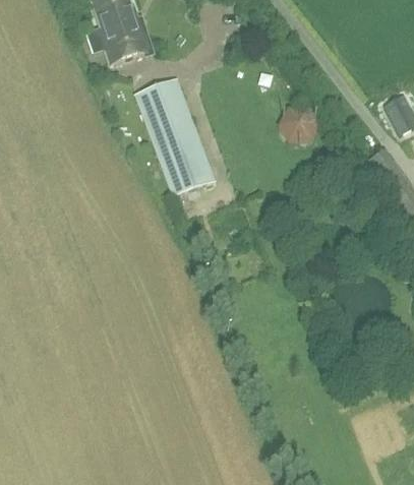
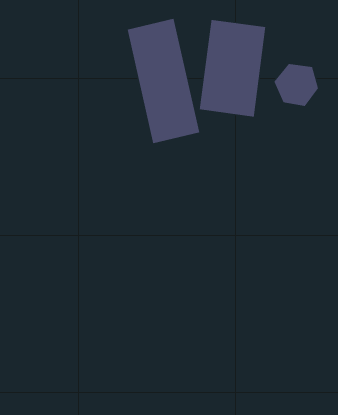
building: none -> [199,19,266,118]

